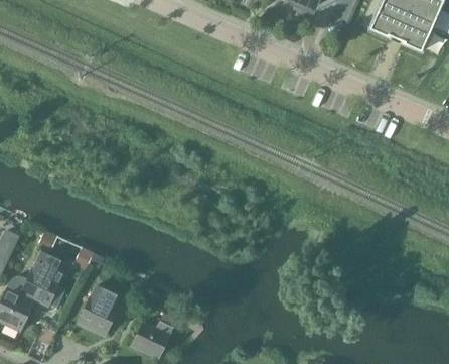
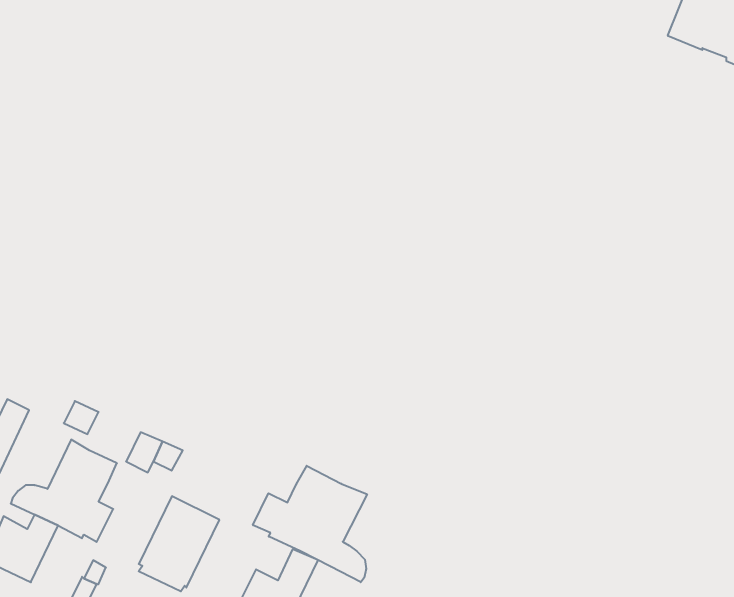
building: none -> [253,466,367,582]

